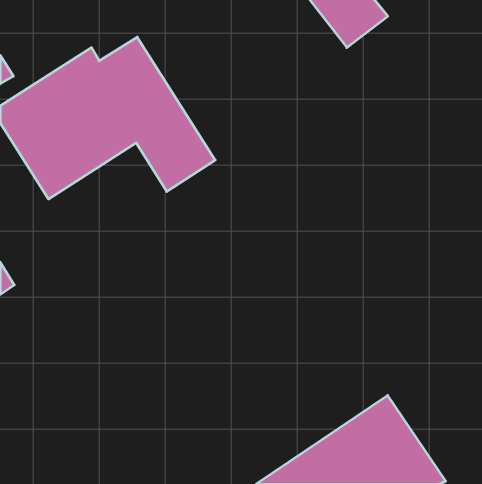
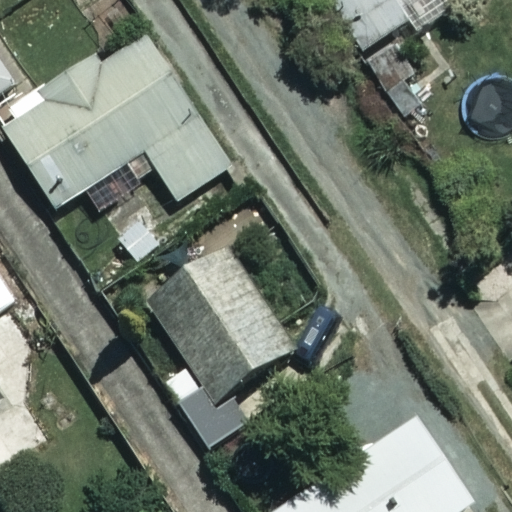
building: none -> [146,249,289,448]

